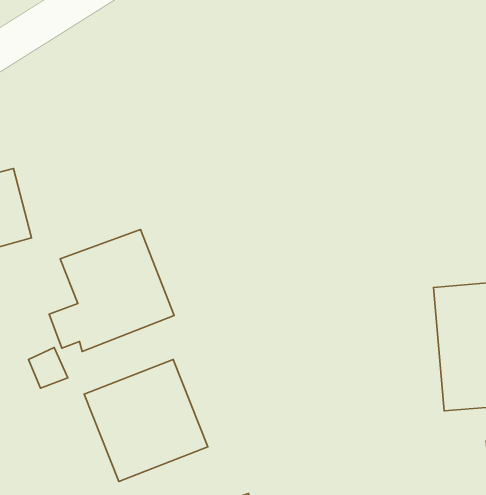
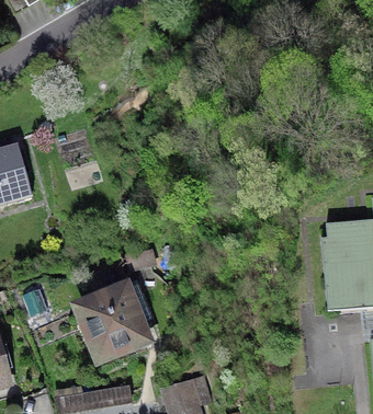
building: [49,229,174,352] -> none

